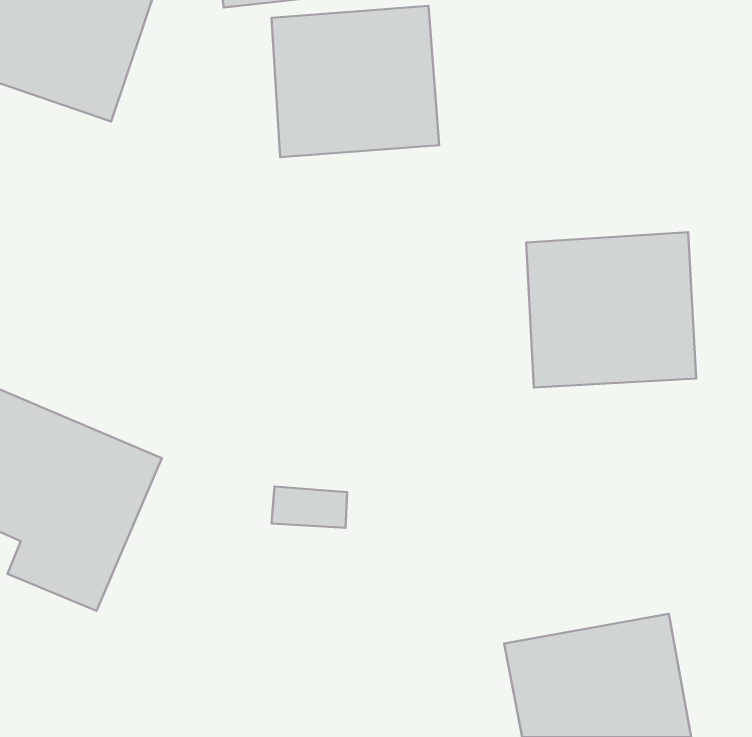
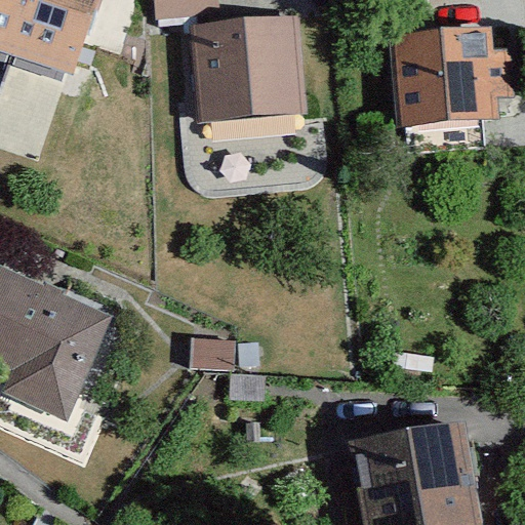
building: none -> [395,30,495,132]
building: [526,232,696,387] -> none

